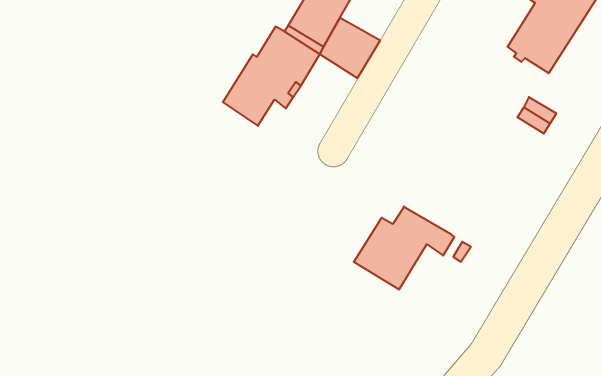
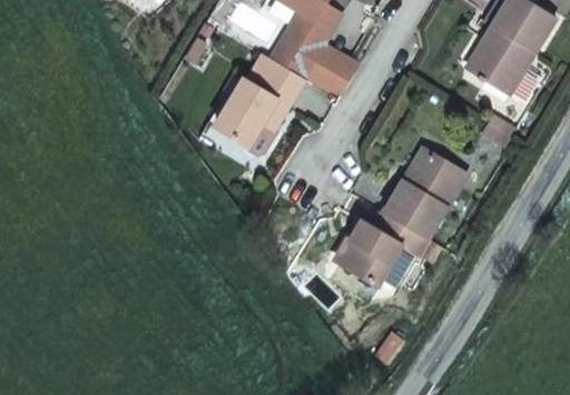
building: none -> [381,151,460,237]

